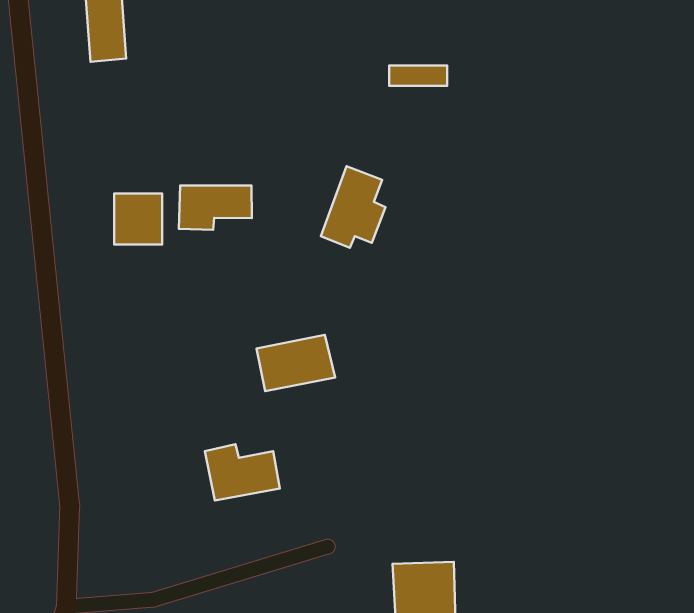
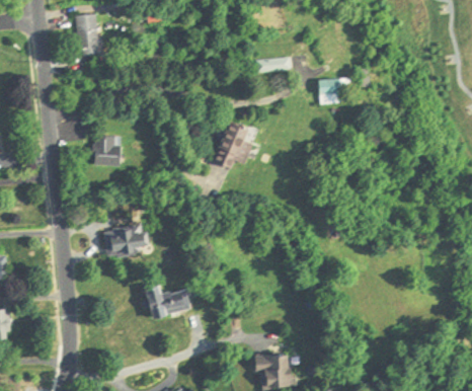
building: none -> [317,78,347,94]
building: [179,185,252,230] -> none
building: [257,335,335,391] -> [102,224,149,257]

